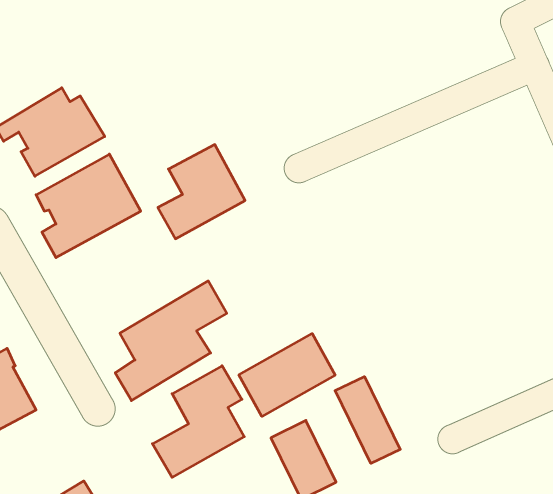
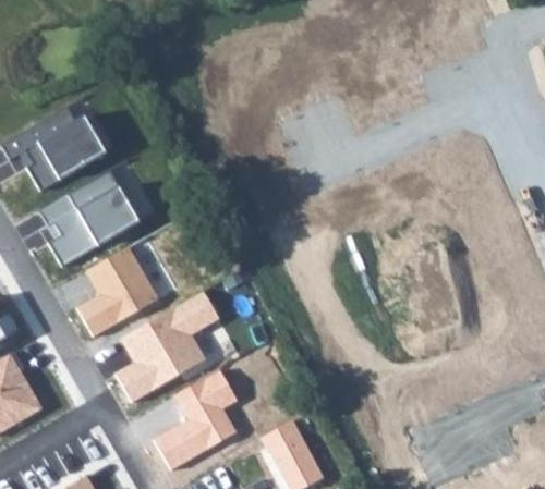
building: [158,145,245,239] -> [76,248,158,337]
building: [239,334,335,416] -> none
building: [335,377,400,463] -> none

